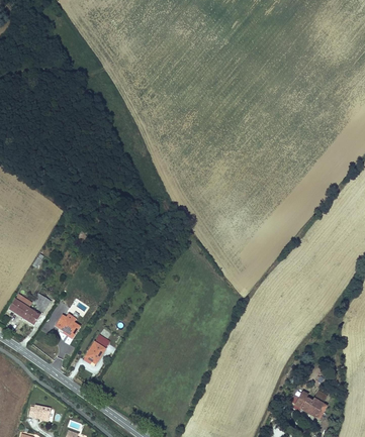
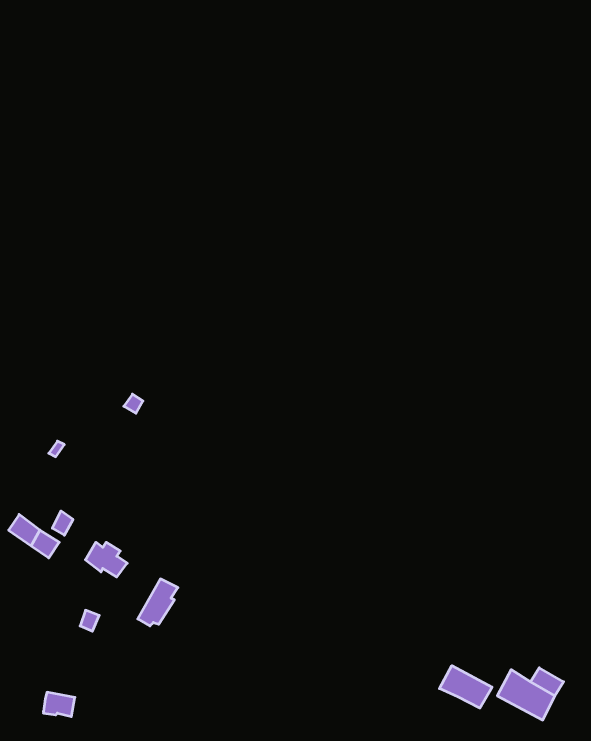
building: none -> [439,666,492,708]

